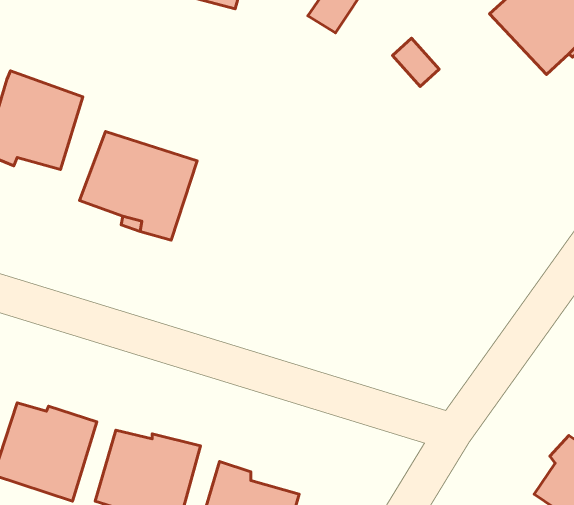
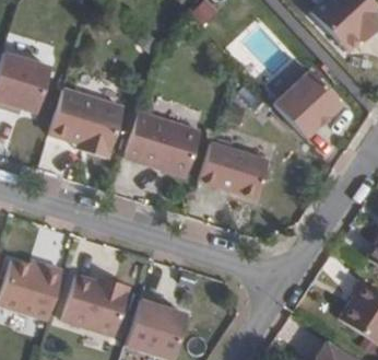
building: none -> [274,71,340,137]
building: none -> [138,115,201,175]
building: none -> [209,144,267,197]

